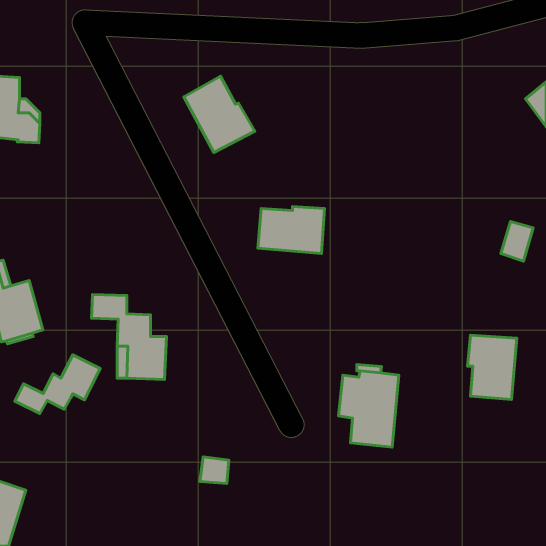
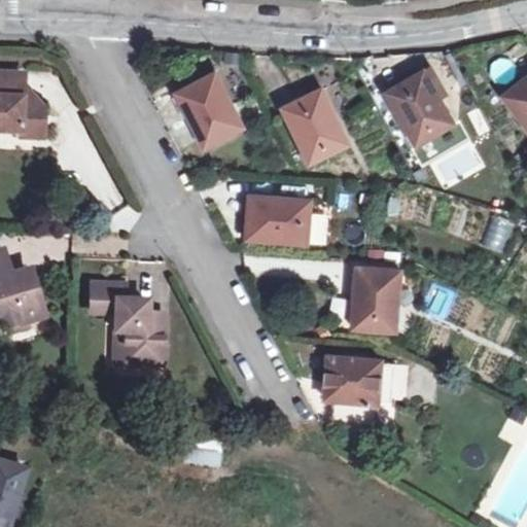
building: none -> [385,72,454,145]
building: none -> [283,90,350,163]
building: [467,335,517,400] -> [355,269,402,330]
building: [15,355,100,414] -> none

